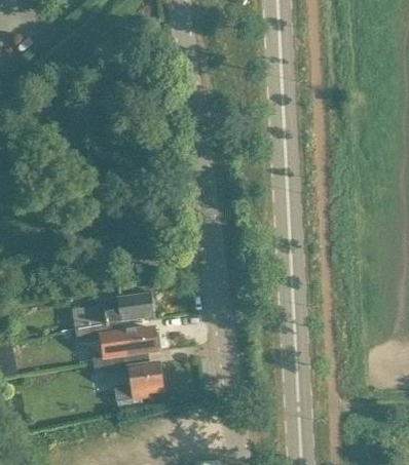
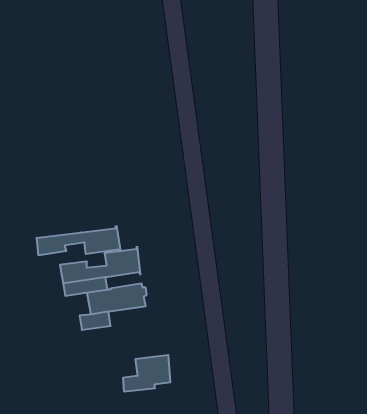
building: none -> [37,226,120,255]
building: [115,361,162,397] -> [123,355,170,391]

